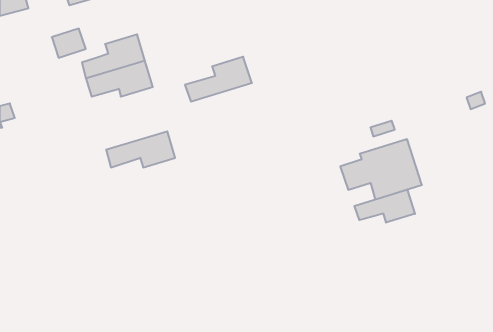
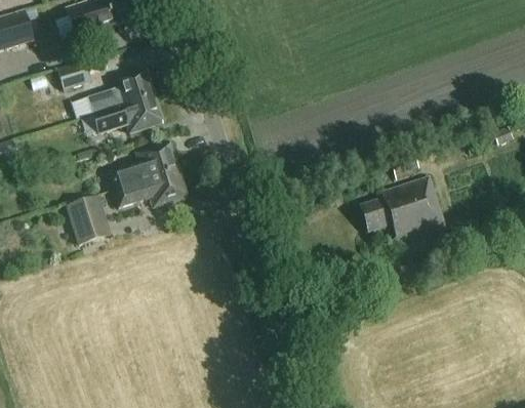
building: [185,57,252,101] -> [107,141,177,189]
building: none -> [65,194,111,245]
building: [354,189,415,223] -> none

